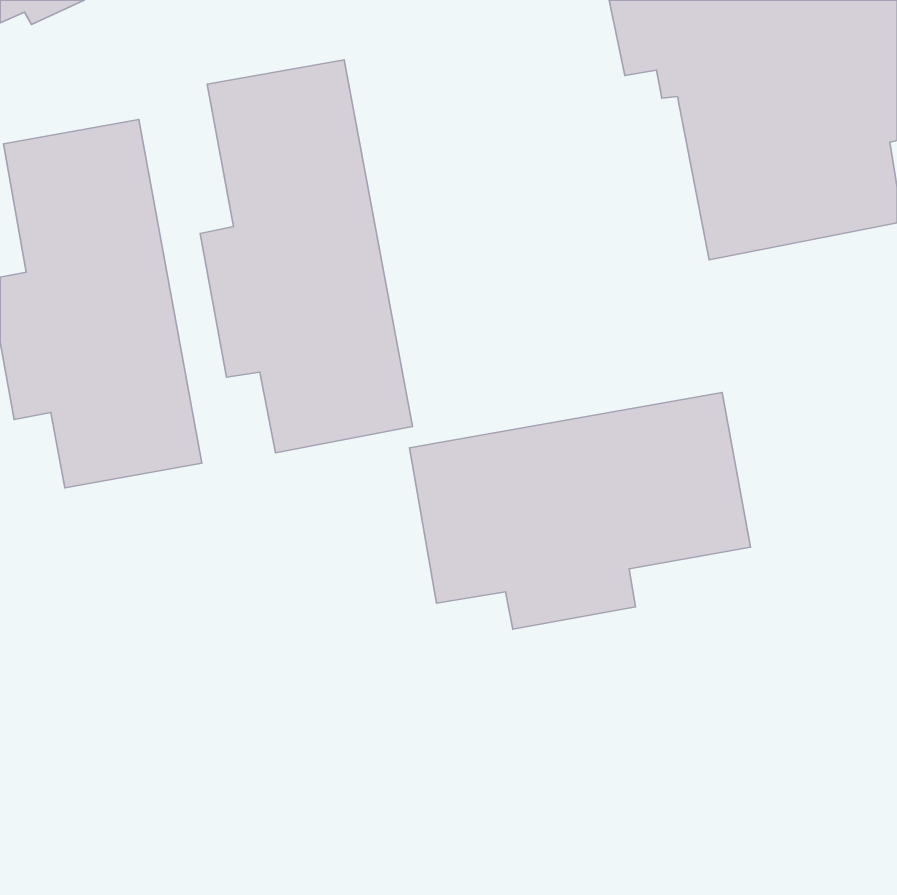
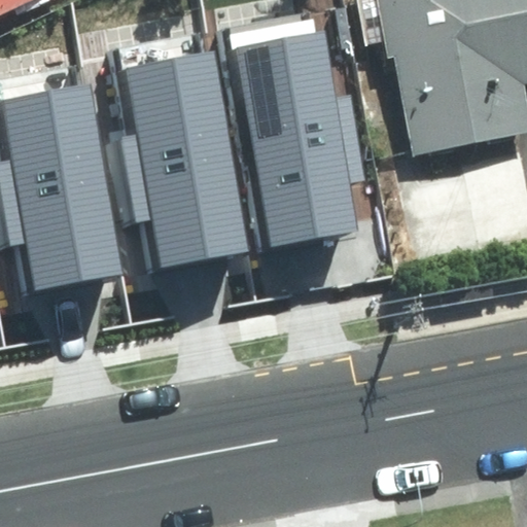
building: none -> [236,16,365,247]
building: [410,393,750,629] -> none

